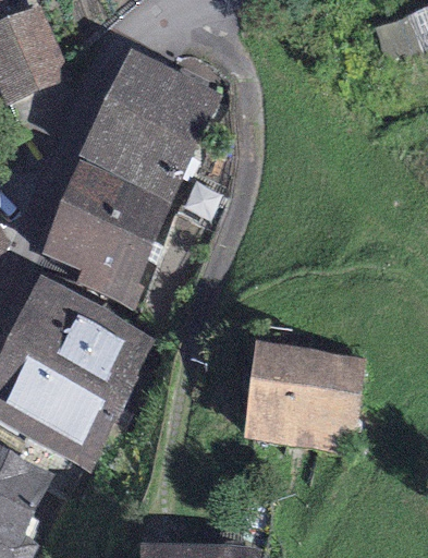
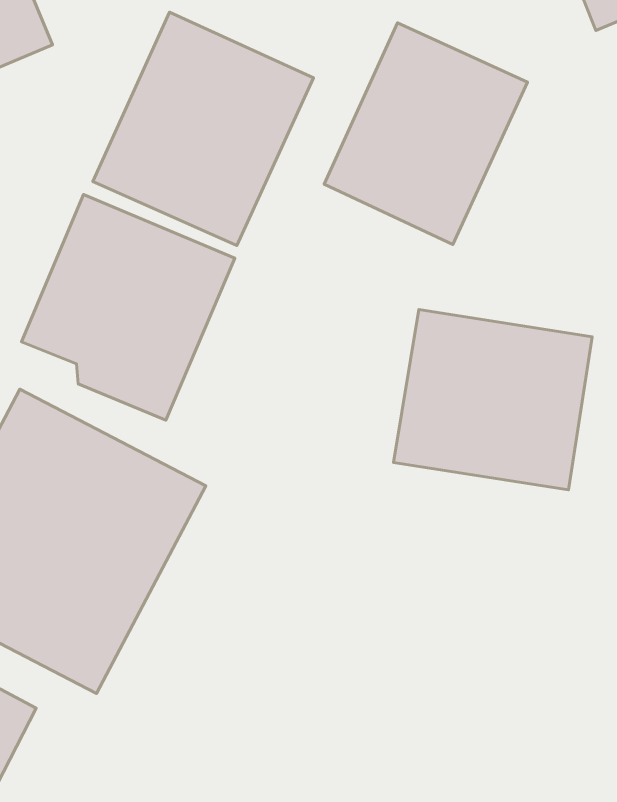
building: none -> [324,23,527,245]
building: [246,342,365,450] -> [393,310,592,490]

